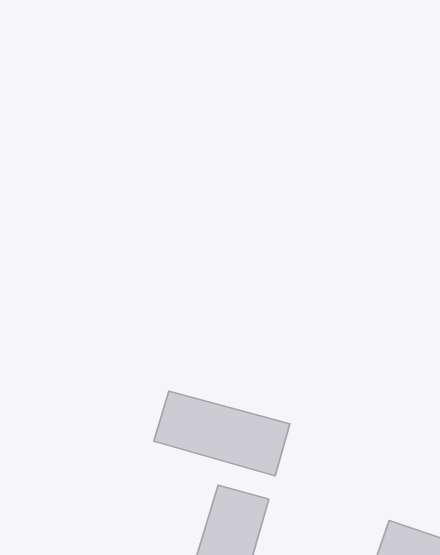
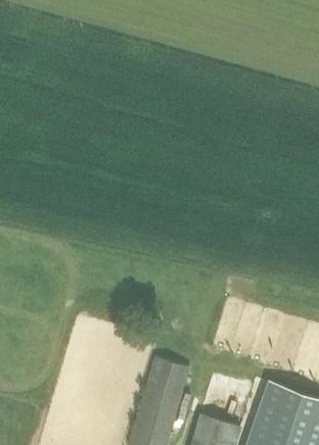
building: [154,391,290,476] -> none

